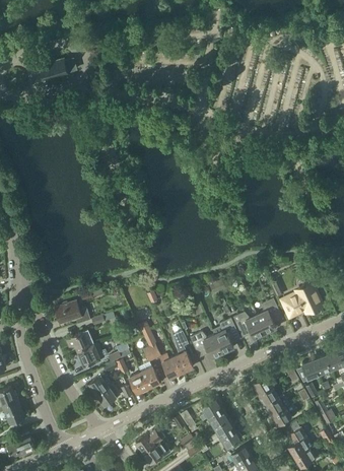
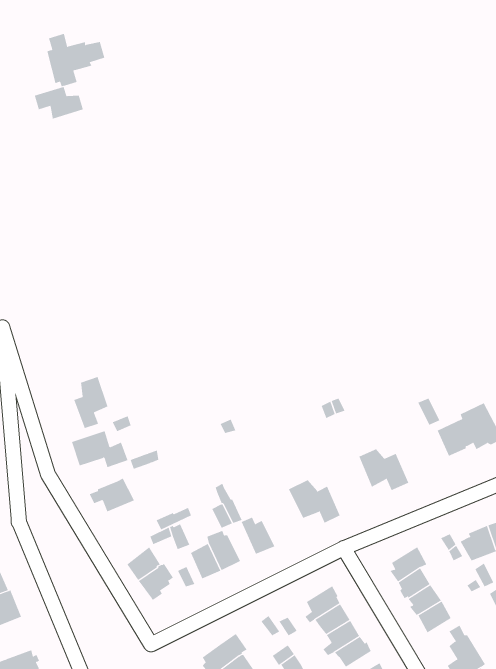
building: none -> [34,86,83,120]
building: none -> [73,376,108,429]
building: [258,298,283,333] -> none
building: [213,318,240,353] -> none
building: [175,331,194,373] -> none
building: [77,342,109,366] -> none

